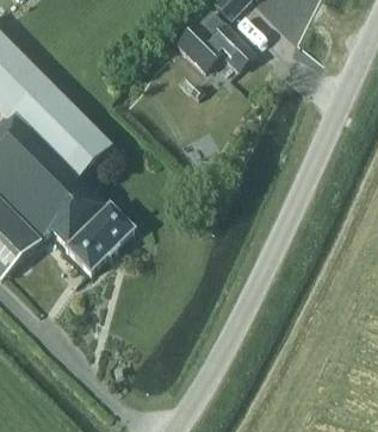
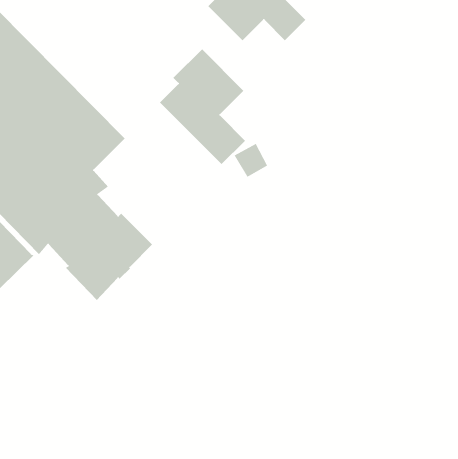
building: none -> [159,49,246,165]

